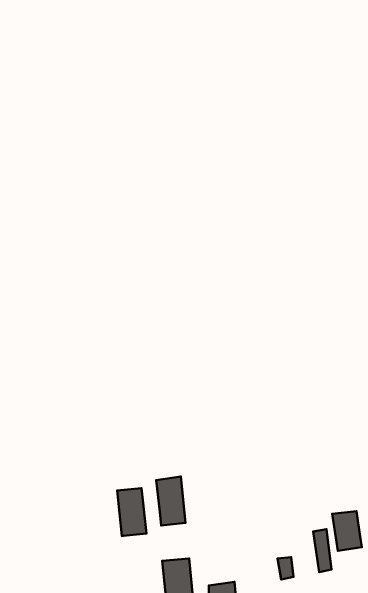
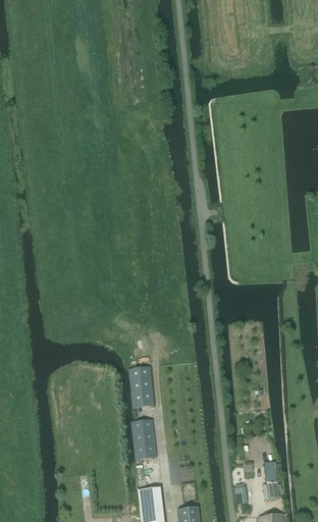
building: [117,488,146,536] -> [130,367,155,407]
building: [332,511,362,551] -> none

